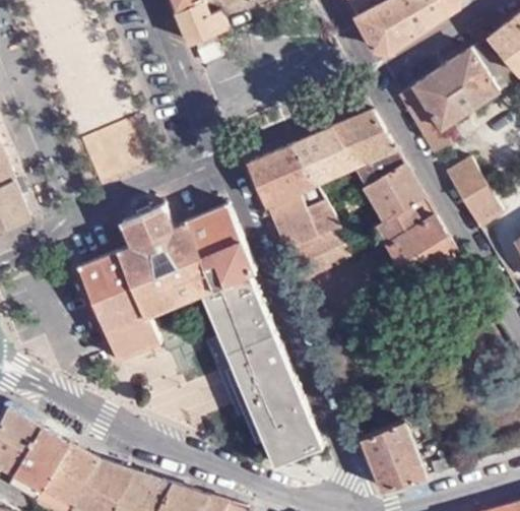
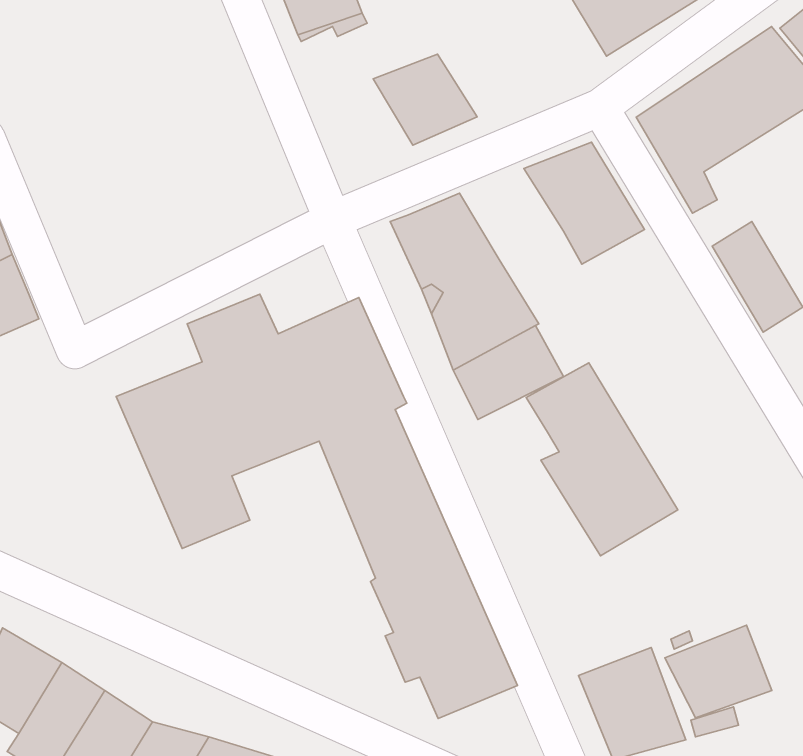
building: [287,126,351,182] -> [373,54,477,145]
building: [363,164,456,282] -> [526,363,678,556]
building: none -> [665,625,772,718]

